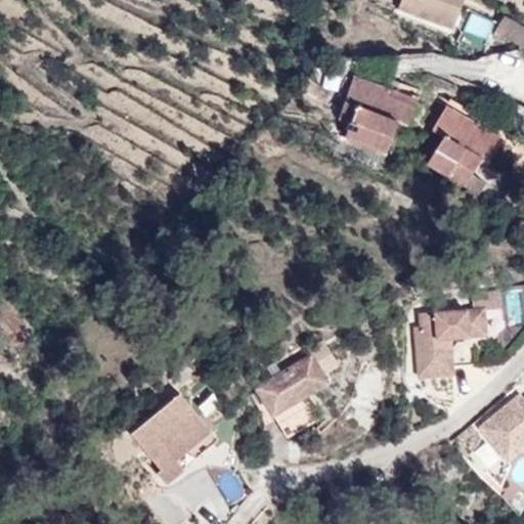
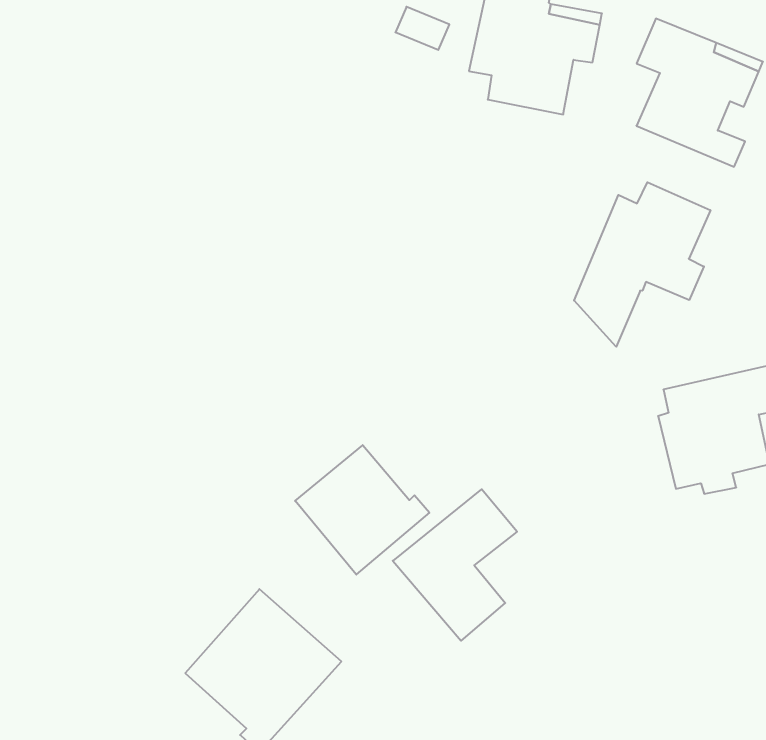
building: none -> [574,182,710,347]
building: none -> [295,445,429,575]

